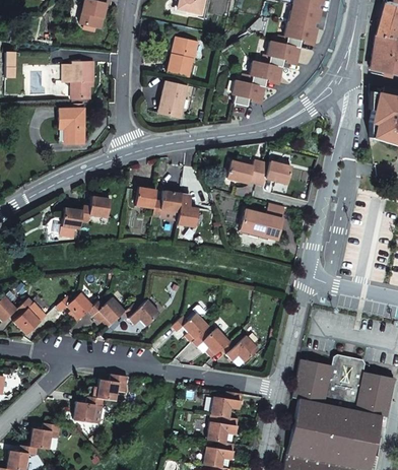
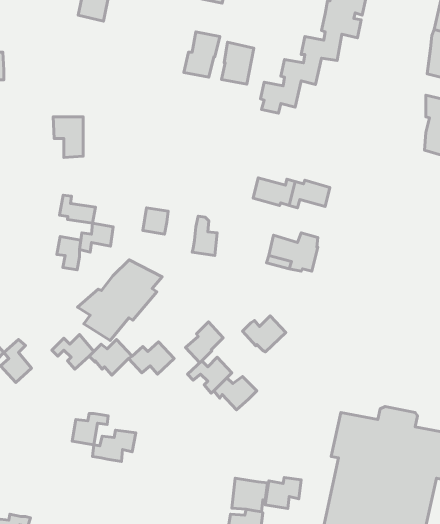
building: [63,61,94,97] -> none
building: [161,80,189,116] -> [222,42,254,84]
building: none -> [60,195,96,223]
building: [151,190,181,220] -> none
building: none -> [78,260,162,340]
building: none -> [186,322,223,363]
building: [223,335,260,365] -> [243,316,286,352]
building: [212,392,243,418] -> [265,477,301,508]
building: [73,397,104,423] -> [72,414,108,445]
building: [30,423,62,450] -> none

